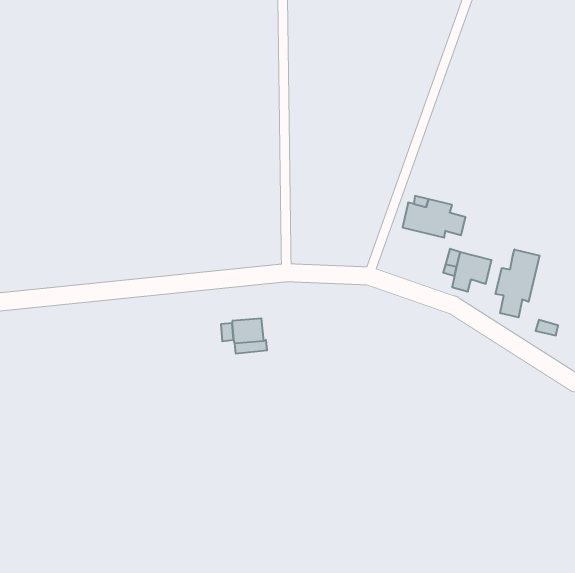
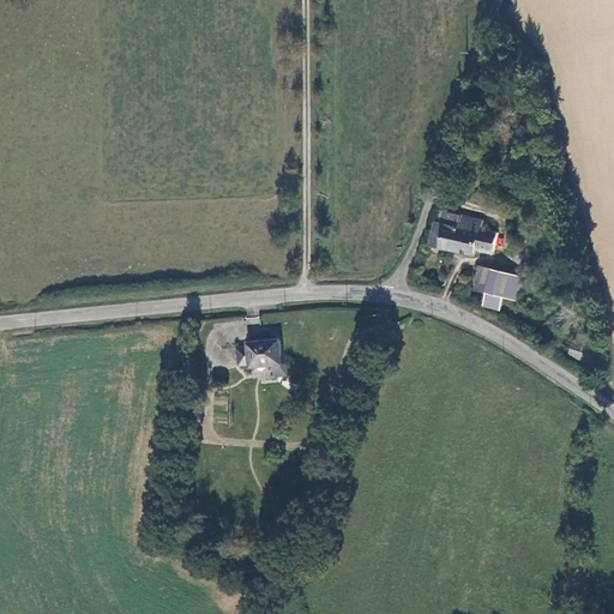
building: [496,249,539,317] -> none

